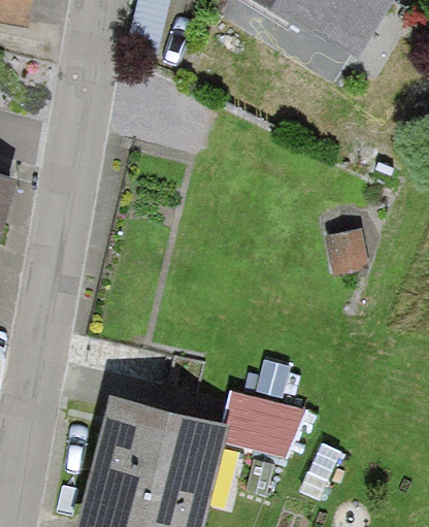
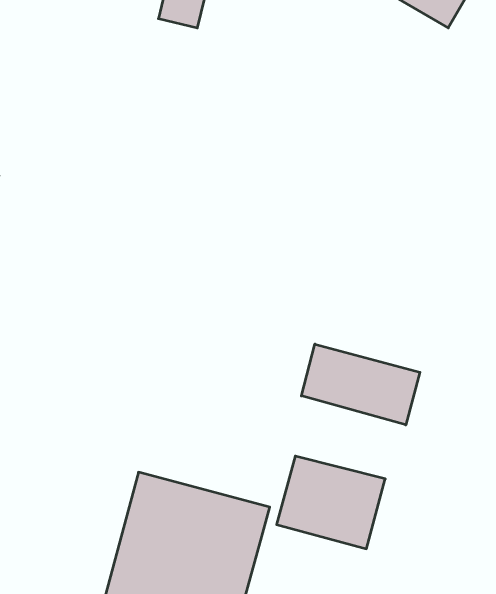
building: none -> [301,344,420,425]

